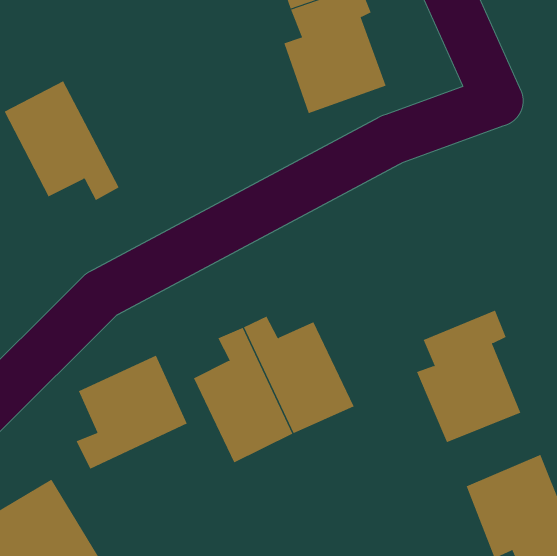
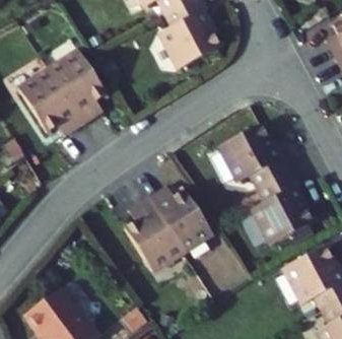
building: none -> [48,50,106,123]
building: none -> [216,125,288,191]
building: [76,355,187,470] -> none

